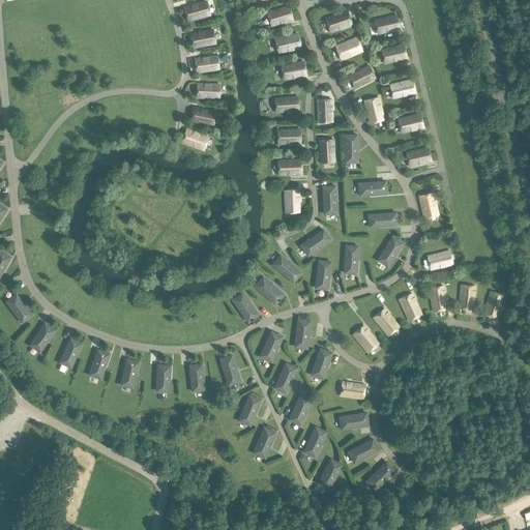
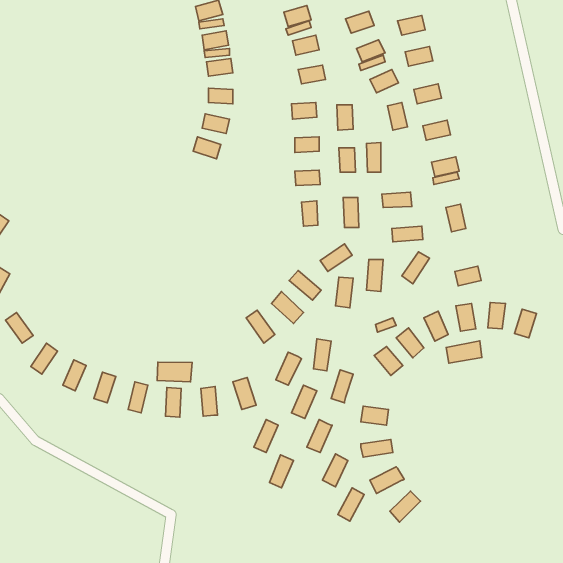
building: none -> [446,341,482,363]
building: none -> [157,362,192,382]

